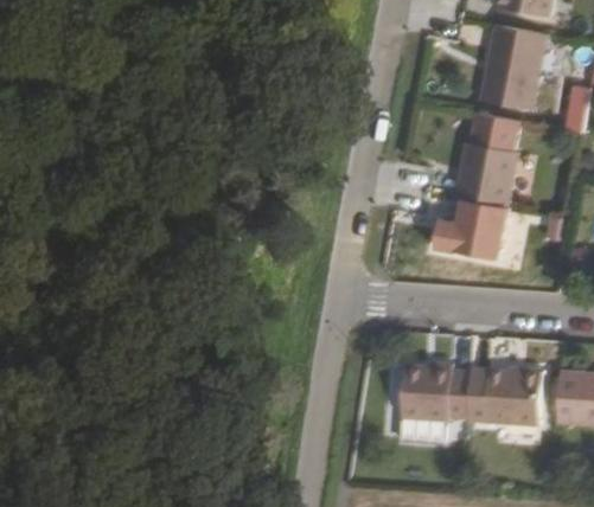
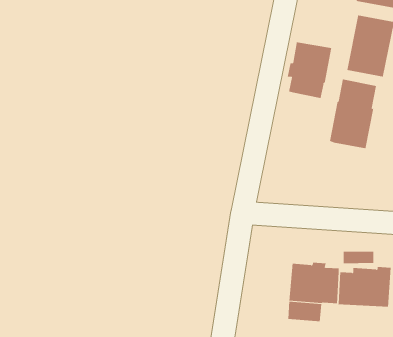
building: none -> [287,42,332,99]
building: [433,200,507,261] -> none

